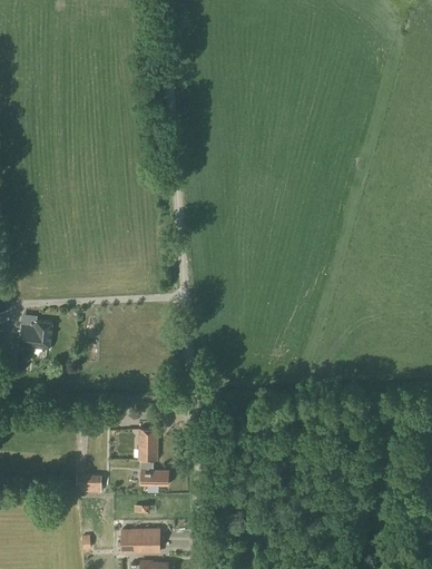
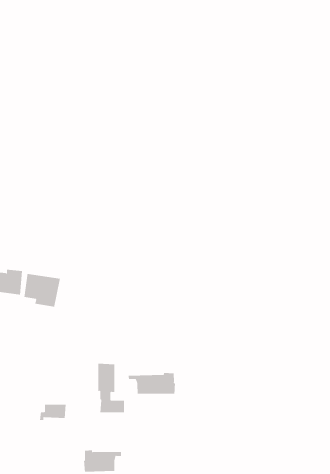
building: none -> [24,273,61,308]
building: none -> [128,372,176,394]

